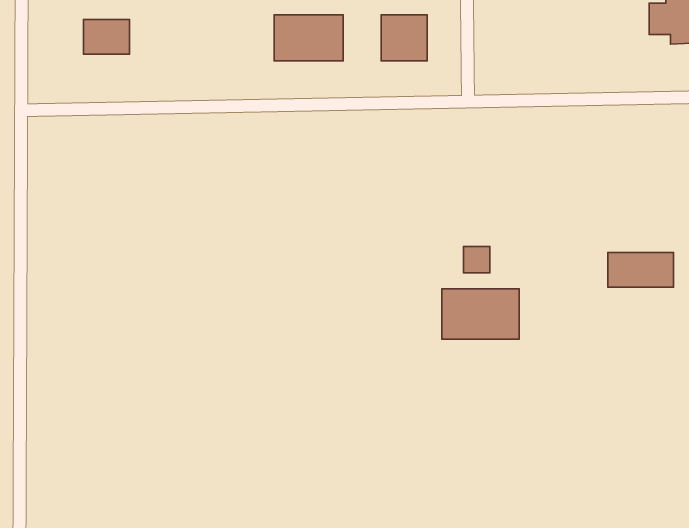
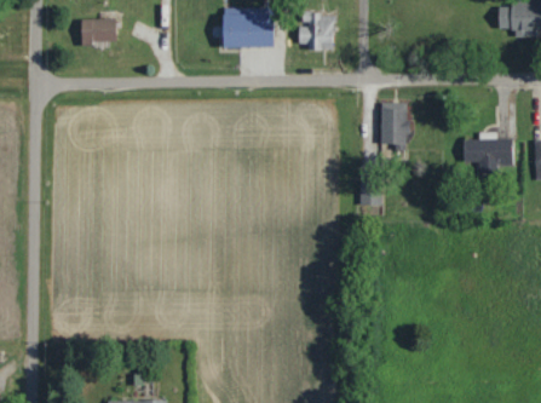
building: none -> [381,103,408,150]
building: [608,253,673,287] -> [465,138,513,163]
building: [442,289,519,339] -> none

